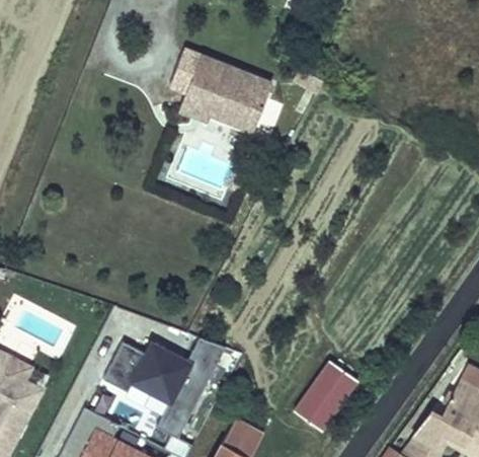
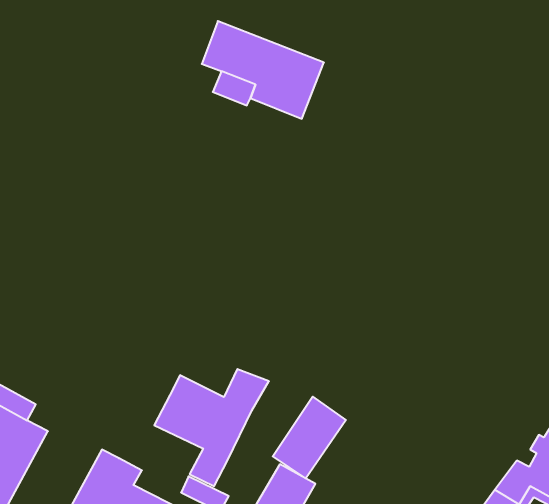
building: [104,341,147,391] -> none
building: [296,362,356,430] -> [273,397,346,478]

